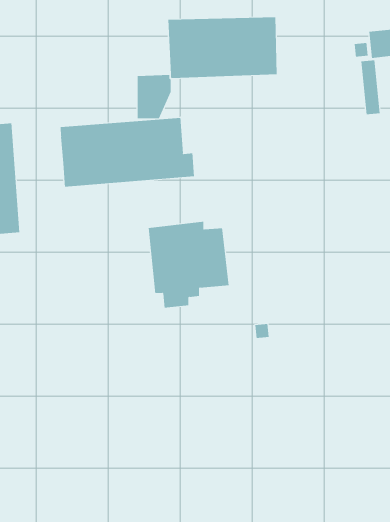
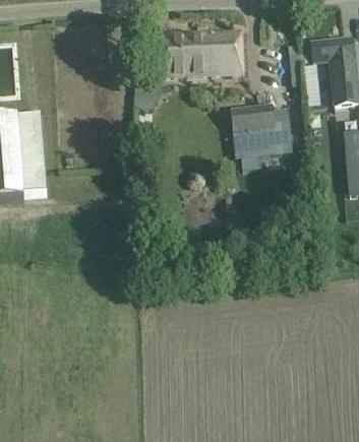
building: [60,117,195,188] -> none
building: [148,221,229,308] -> [230,104,292,170]

